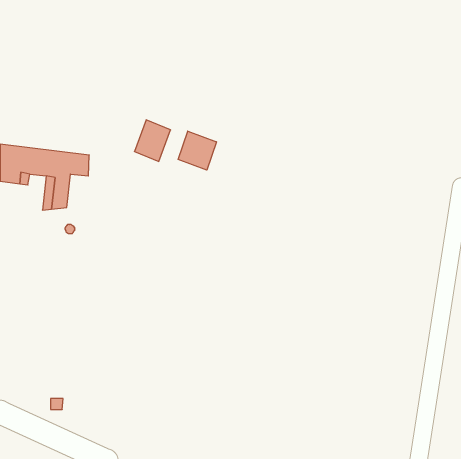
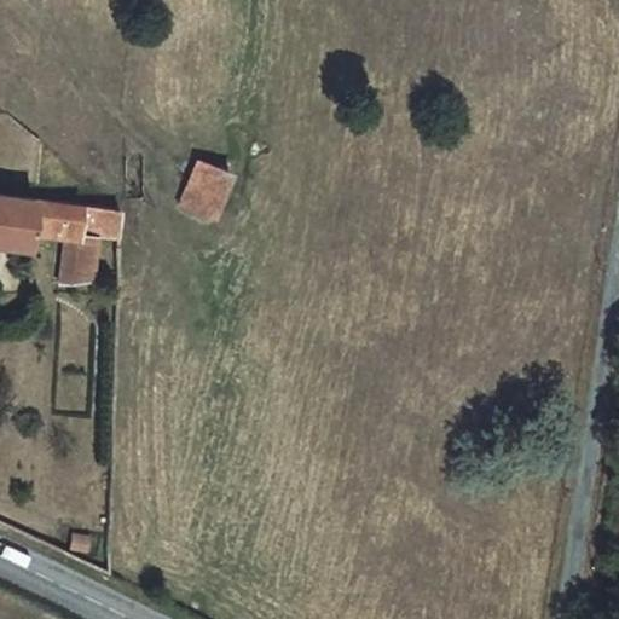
building: [178,131,216,170] -> none

